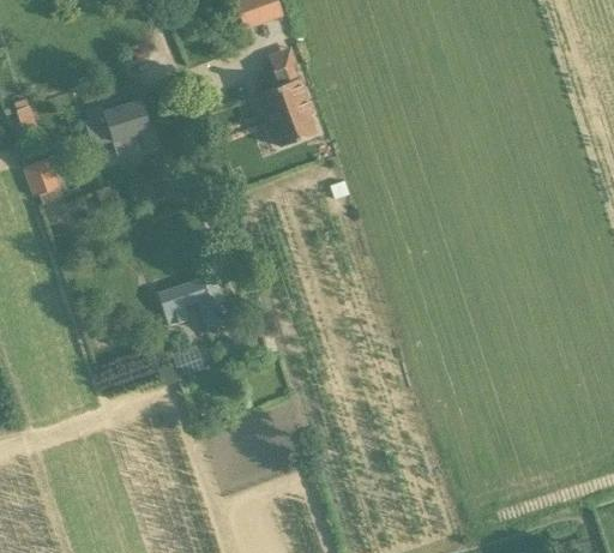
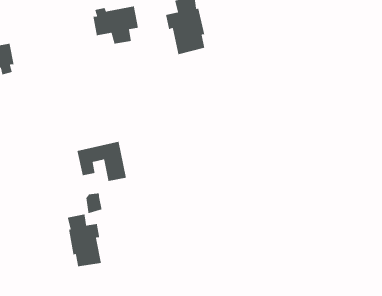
building: [86,100,151,156] -> [93,6,139,45]
building: none -> [67,213,102,267]

